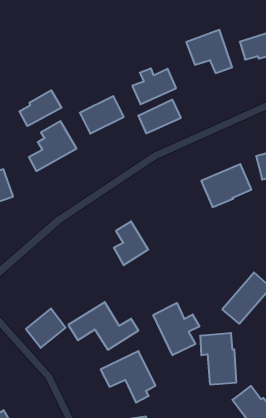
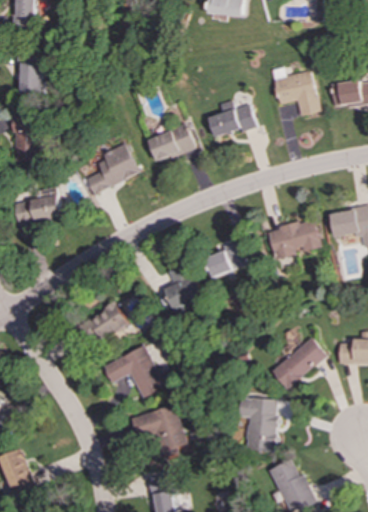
building: [19,90,62,126] -> none
building: [138,100,181,133] -> none
building: none -> [205,241,246,278]
building: [153,303,199,355] -> none
building: [26,308,66,348] -> [85,303,128,344]

